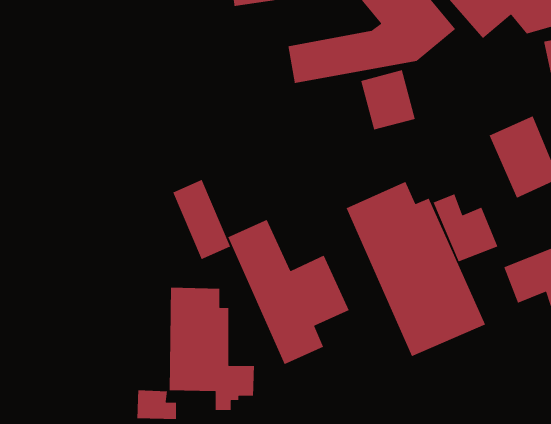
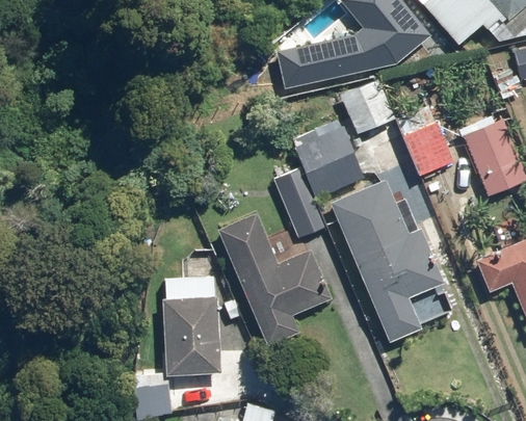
building: none -> [295,117,363,196]
building: [172,179,231,260] -> [267,160,322,236]
building: [433,193,499,262] -> [392,113,453,178]

